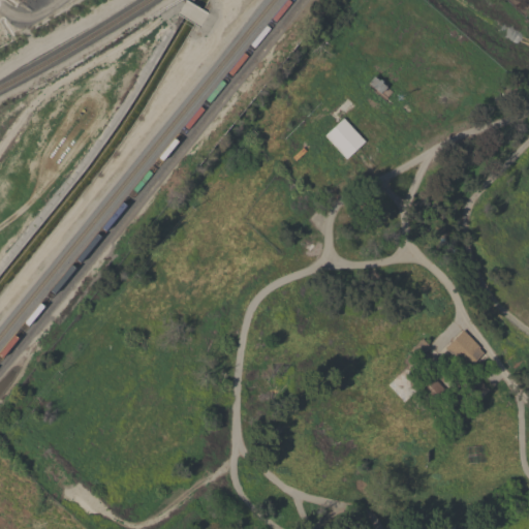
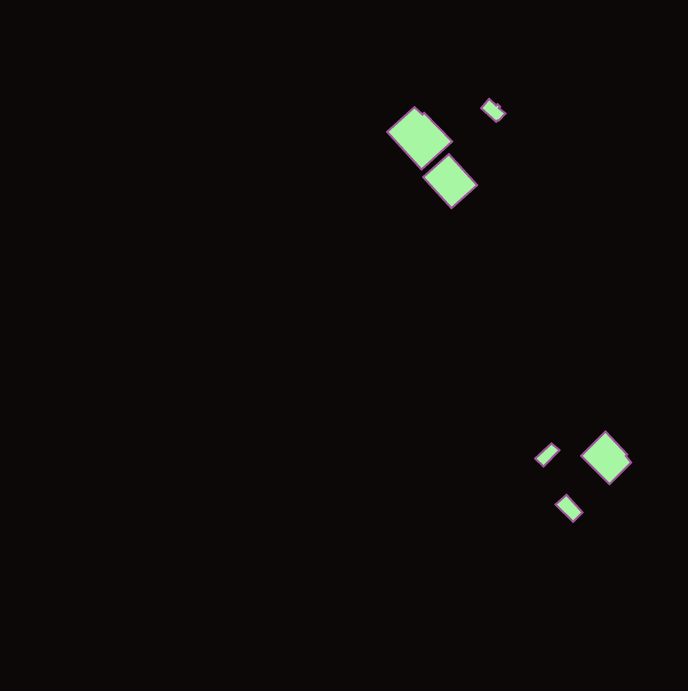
building: none -> [387,107,452,169]

